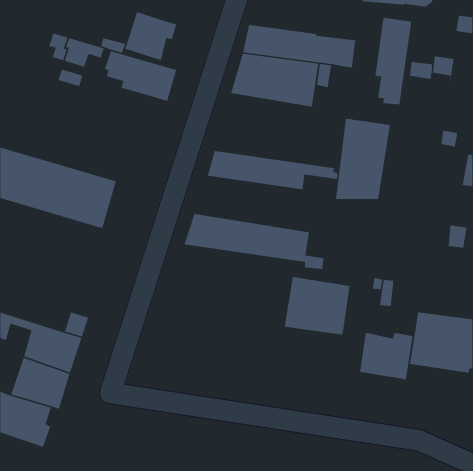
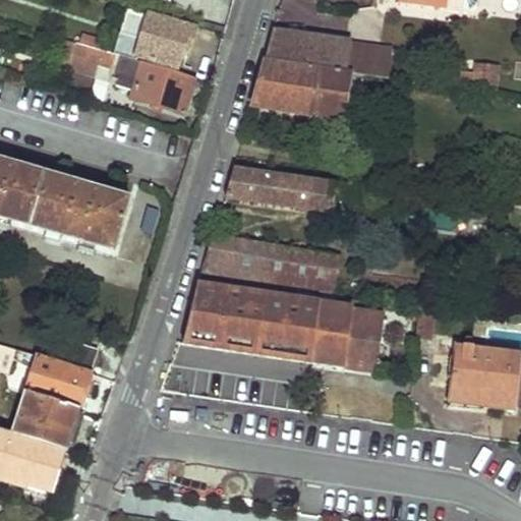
building: [375,17,412,105] -> none
building: [335,118,391,200] -> none
building: none -> [182,284,321,359]
building: [359,332,414,380] -> none

